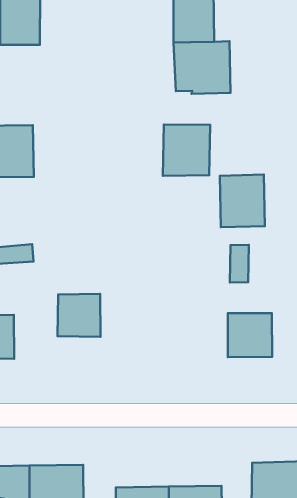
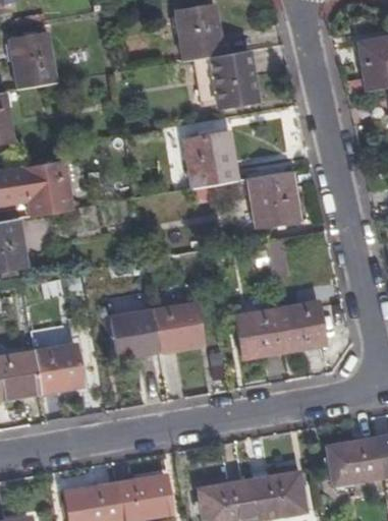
building: none -> [154,303,203,351]
building: none -> [239,308,285,356]

